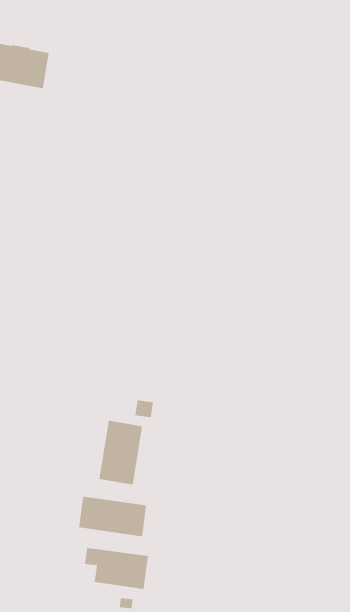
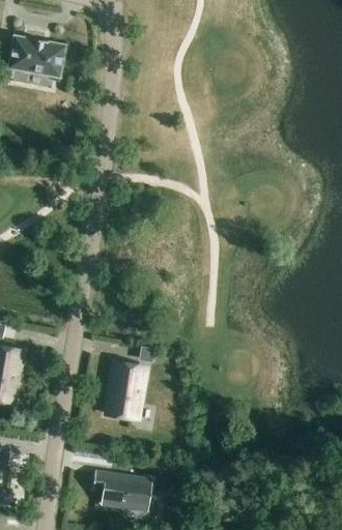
building: [79,496,147,537] -> none

